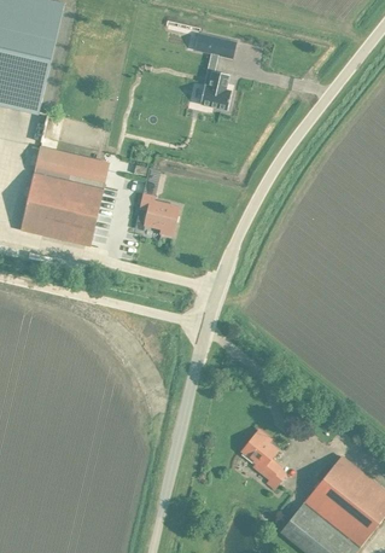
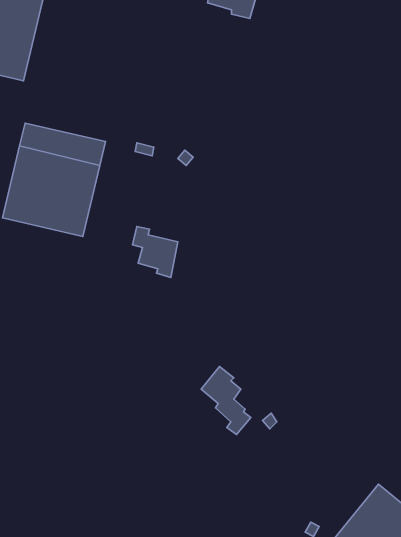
building: [200,71,232,110] -> none
building: [140,193,179,237] -> [133,226,178,277]
building: [243,431,285,489] -> [201,367,251,435]

